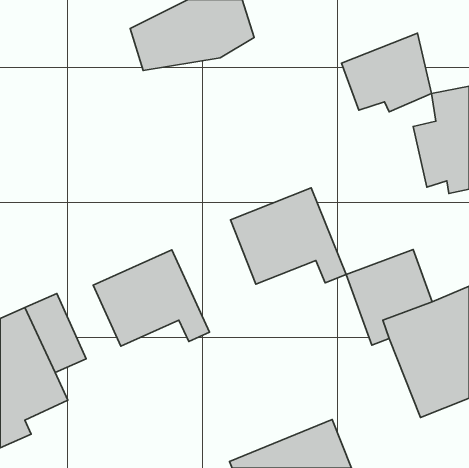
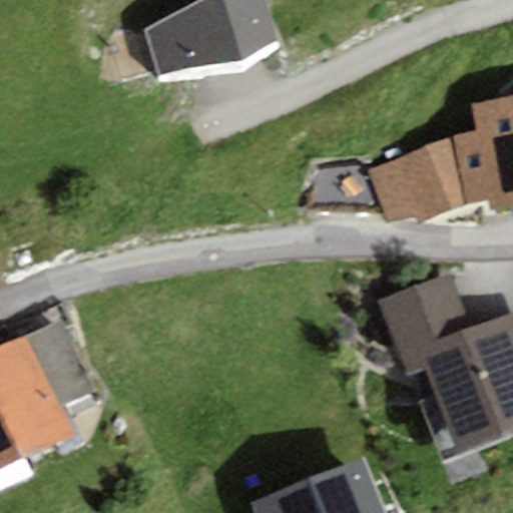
building: [341,33,431,112] -> [368,138,466,224]
building: [230,188,346,284] -> none
building: [93,250,209,346] -> none

